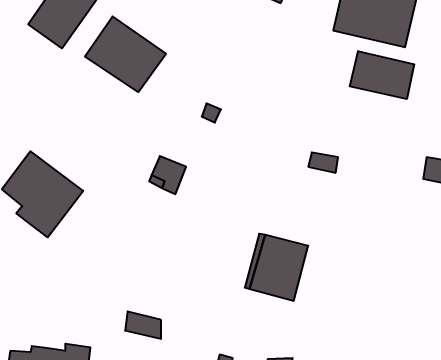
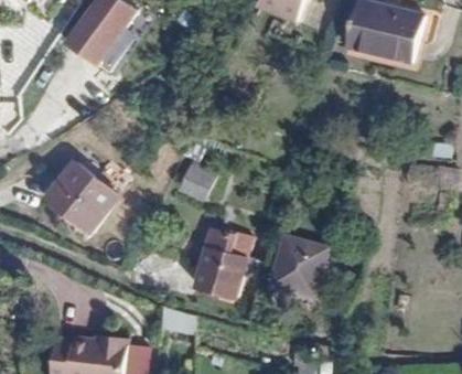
building: [85,16,166,92] -> none
building: [350,51,414,99] -> none
building: none -> [192,228,258,298]

